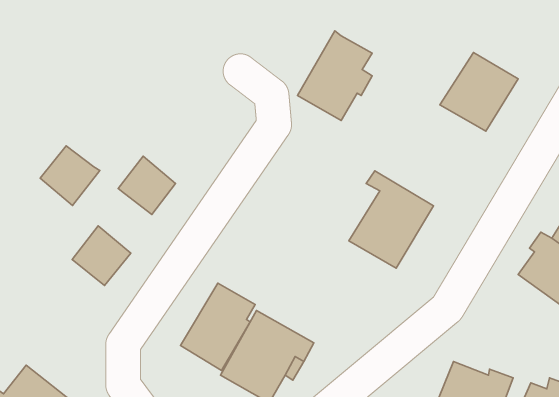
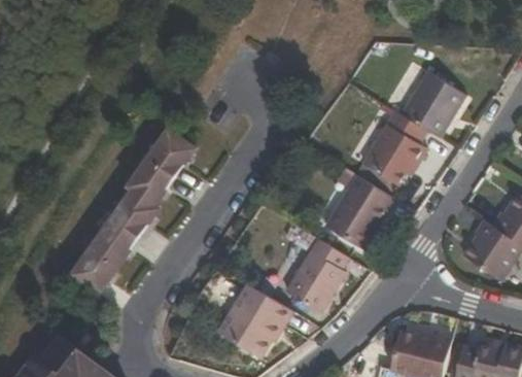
building: [297,31,372,121] -> [361,110,423,184]
building: none -> [152,130,201,179]
building: [40,146,100,206] -> [115,187,165,237]
building: none -> [72,242,120,290]
building: [180,283,255,370] -> [285,240,347,312]

